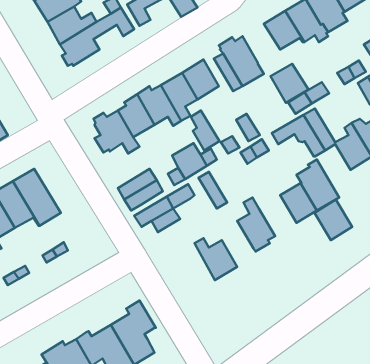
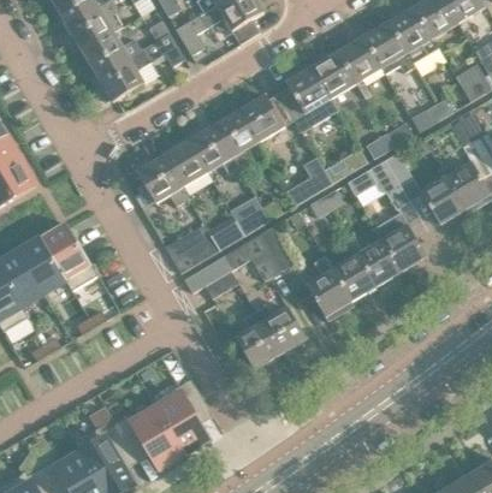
building: [271,64,308,103] -> [312,53,356,99]
building: [191,111,219,150] -> [248,234,281,281]
building: [314,199,352,240] -> [331,255,375,303]
building: none -> [235,311,279,369]

